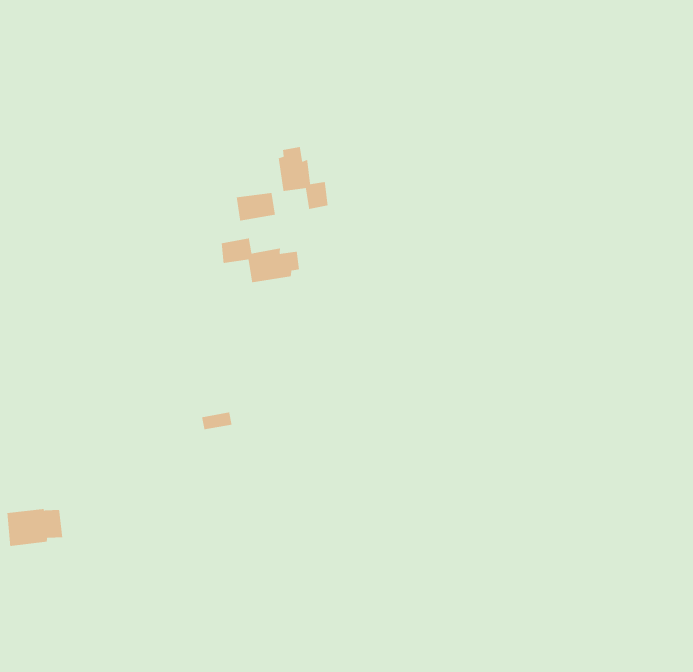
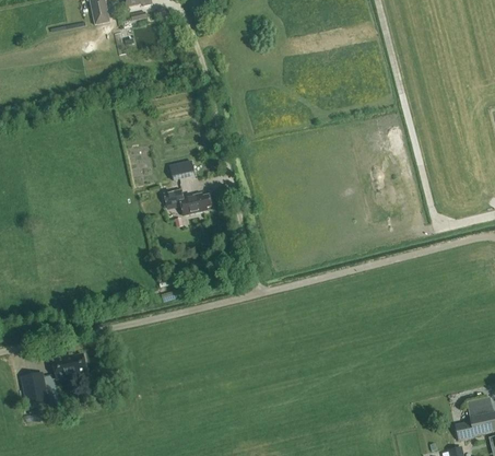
building: [278,146,328,210] -> none

